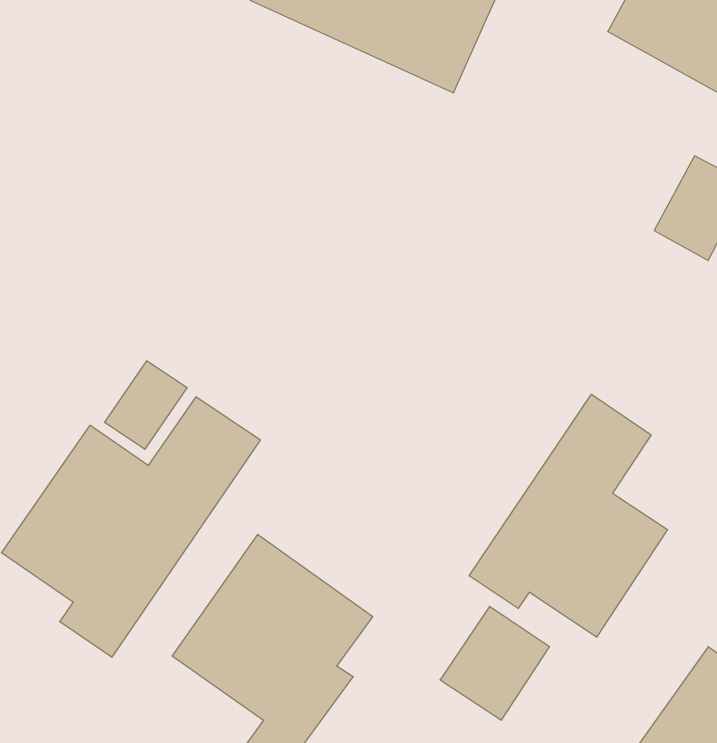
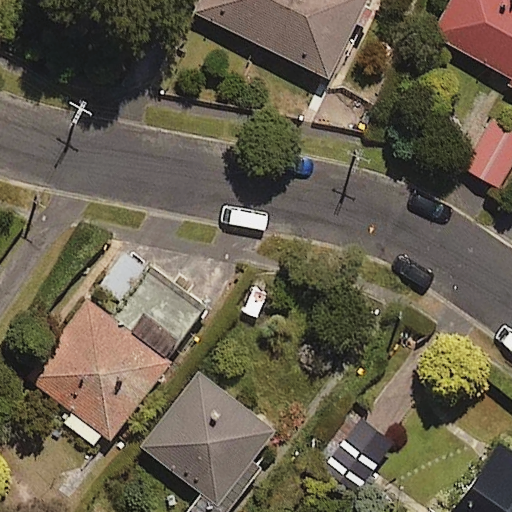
building: [469,394,667,637] -> none

